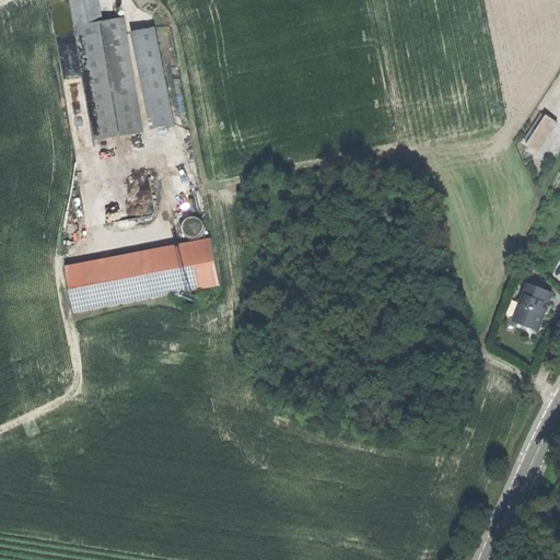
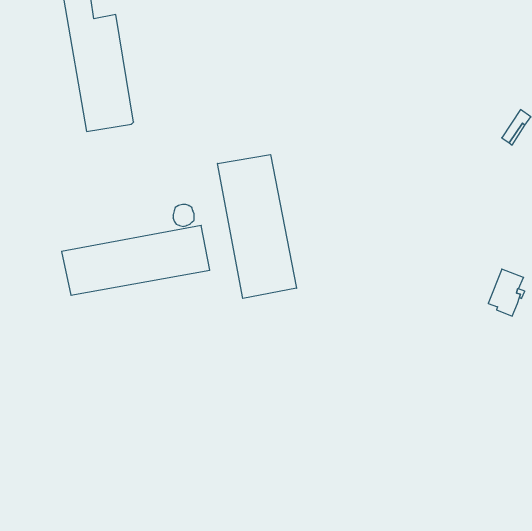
building: [138,26,175,126] -> none
building: none -> [218,155,297,298]

